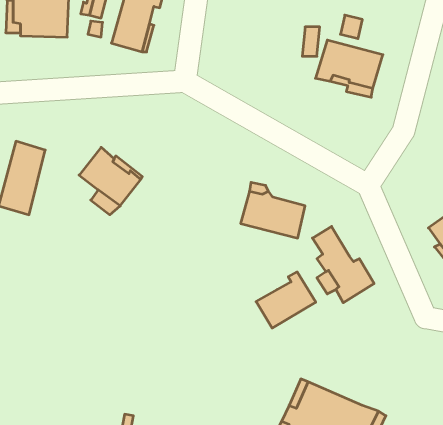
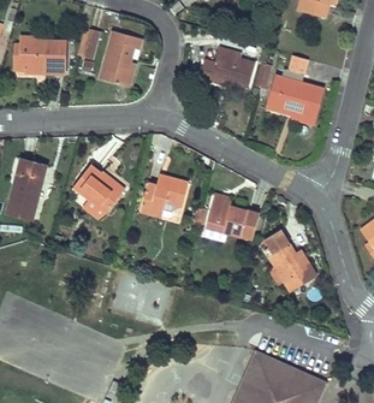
building: none -> [198,53,254,87]
building: none -> [139,176,189,217]
building: [256,272,316,328] -> none

